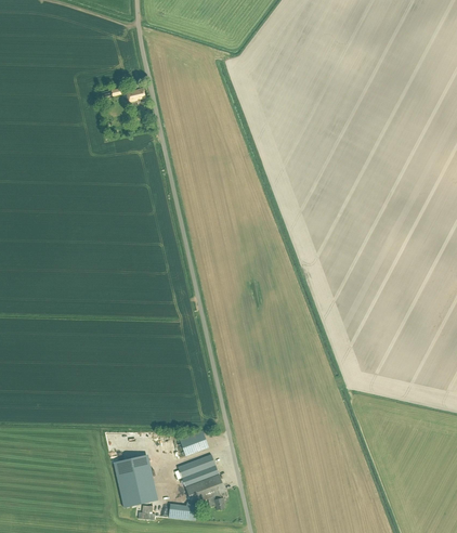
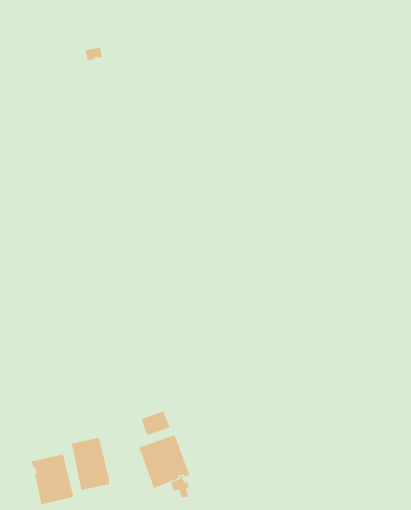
building: none -> [31,454,74,505]

